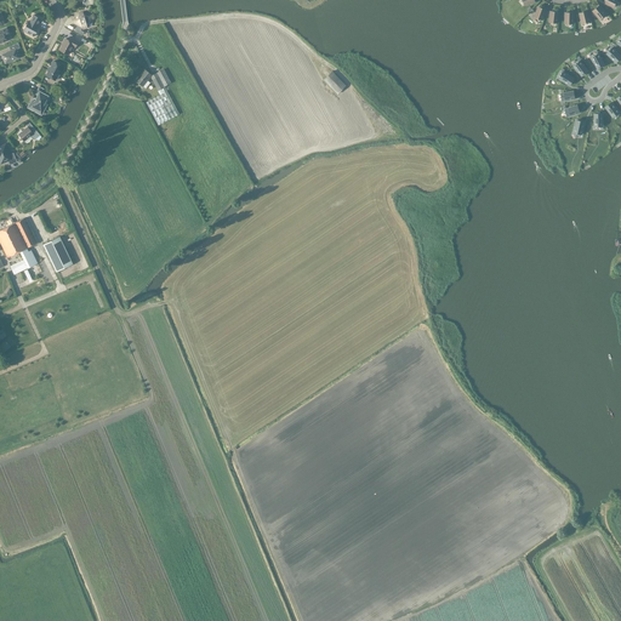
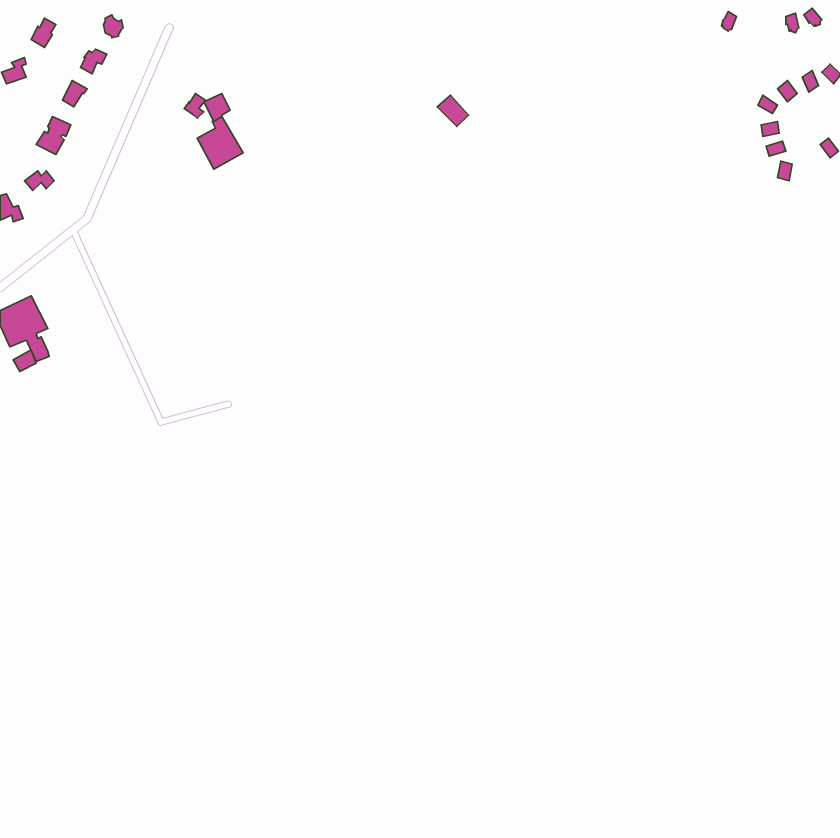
building: [42,235,73,270] -> none

